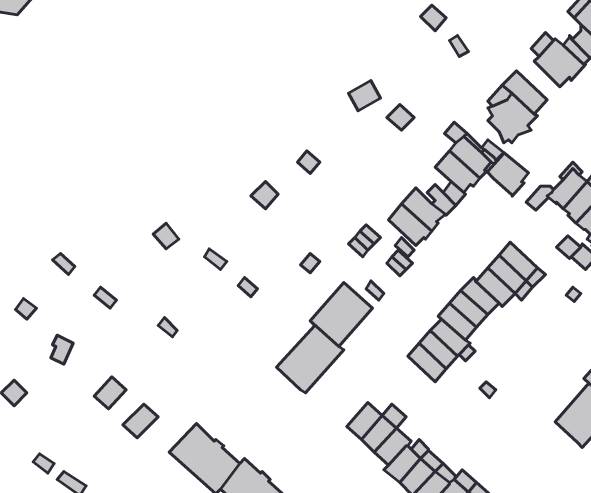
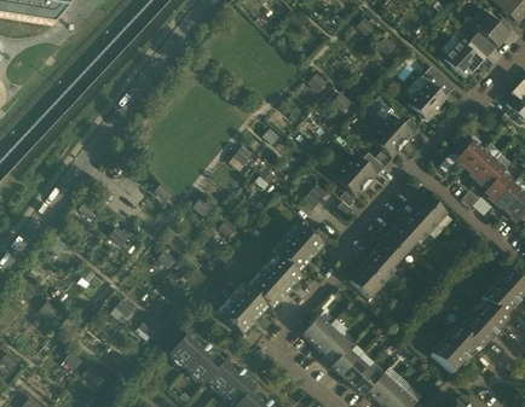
building: [487,153,529,196] -> none
building: none -> [220,285,267,333]
building: none -> [431,326,477,372]

